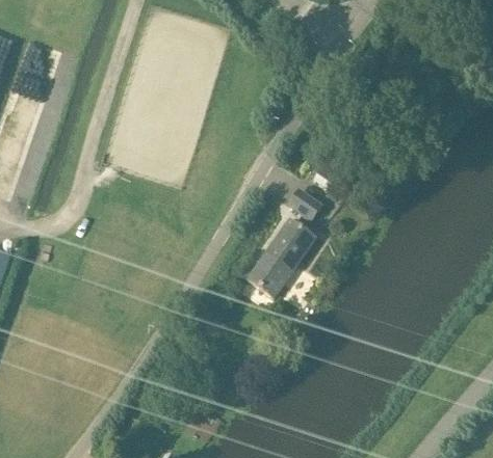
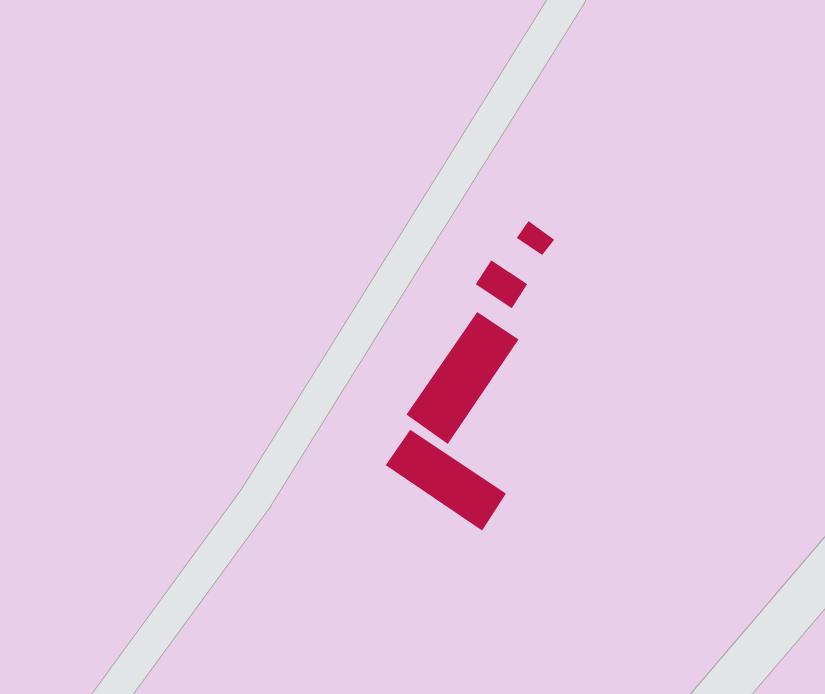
building: none -> [385,429,507,531]

